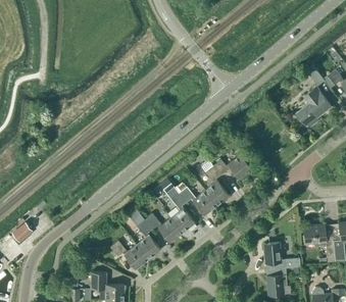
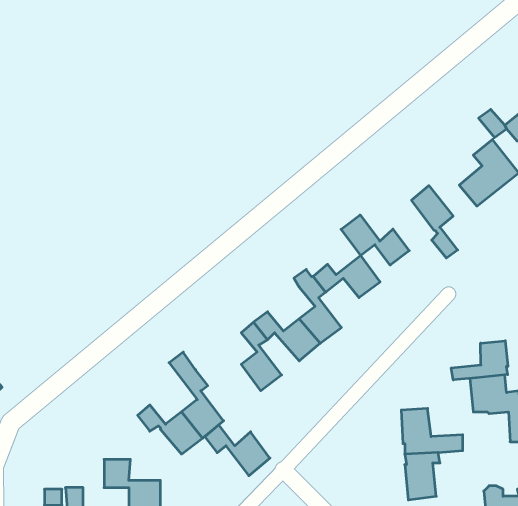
building: none -> [412,186,458,258]
building: none -> [341,215,409,265]
building: none -> [451,341,508,380]
building: [145,213,183,243] -> [205,425,270,476]

